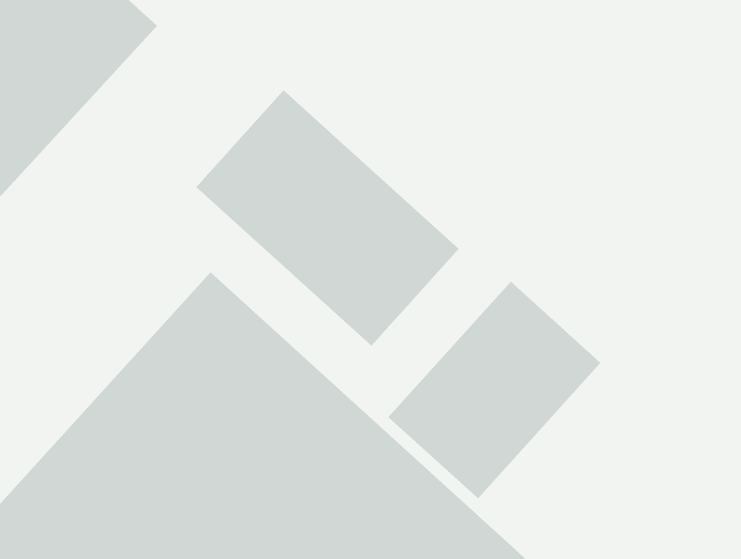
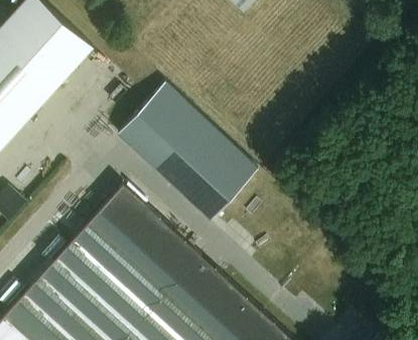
building: [388,281,601,499] -> none

